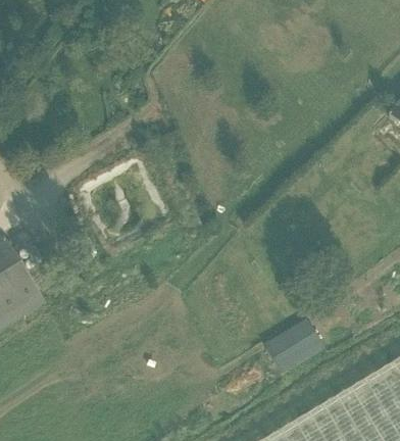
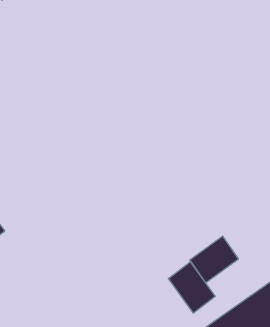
building: none -> [168,262,215,313]

